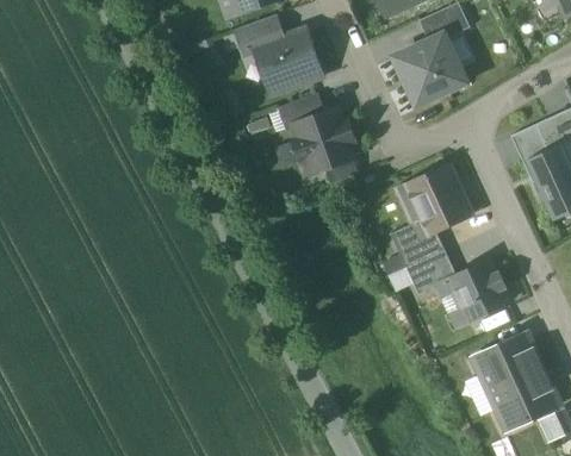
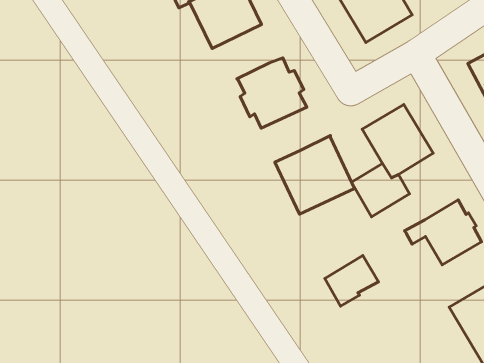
building: [278,93,324,130] -> none
building: none -> [275,135,354,214]
building: [405,250,455,295] -> [325,256,378,306]

